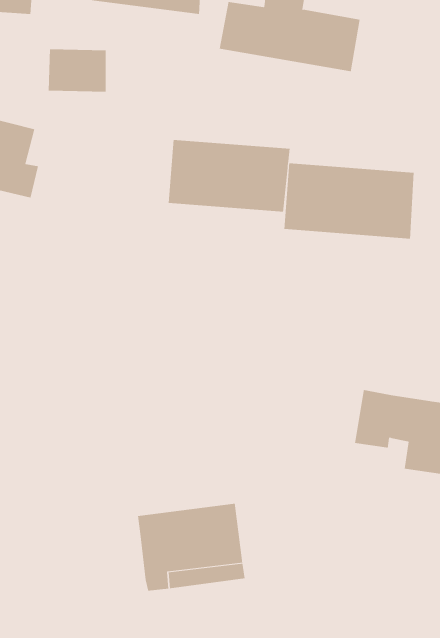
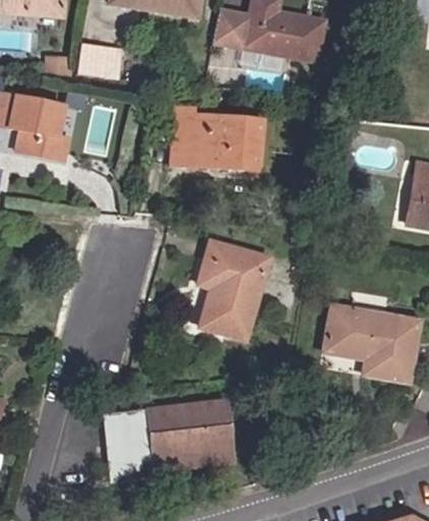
building: [284,162,414,239] -> none
building: none -> [201,240,270,338]
building: none -> [109,418,155,481]

